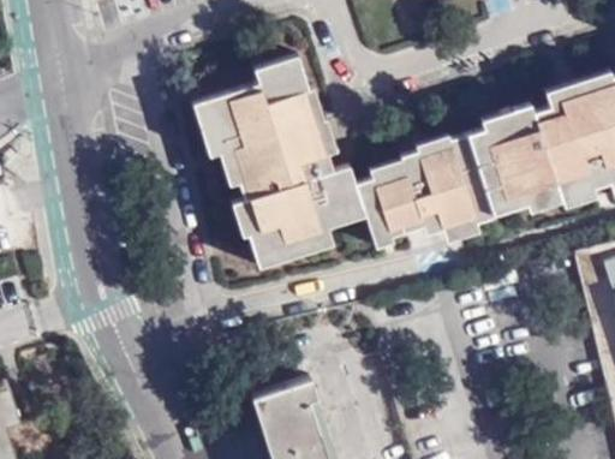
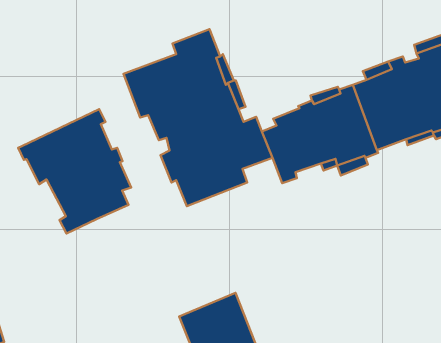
building: none -> [18,109,131,233]

